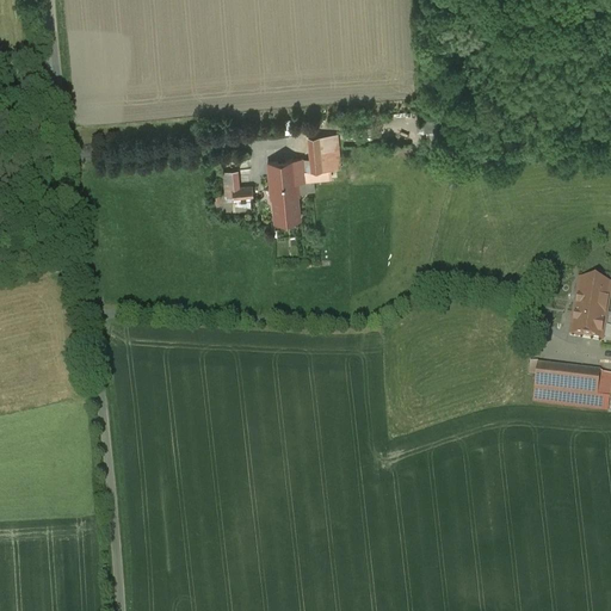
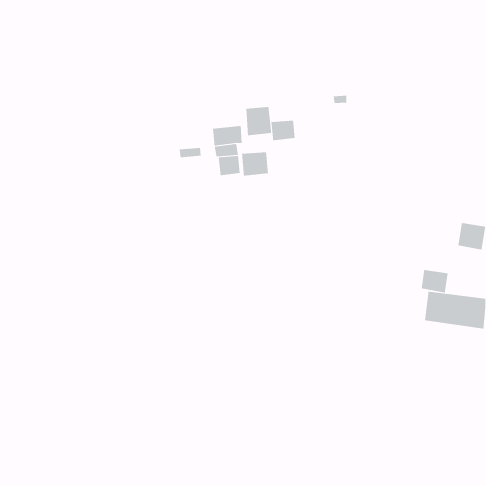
building: none -> [271,120,295,141]
building: none -> [241,152,269,176]
building: [570,309,605,339] -> [421,270,448,293]

